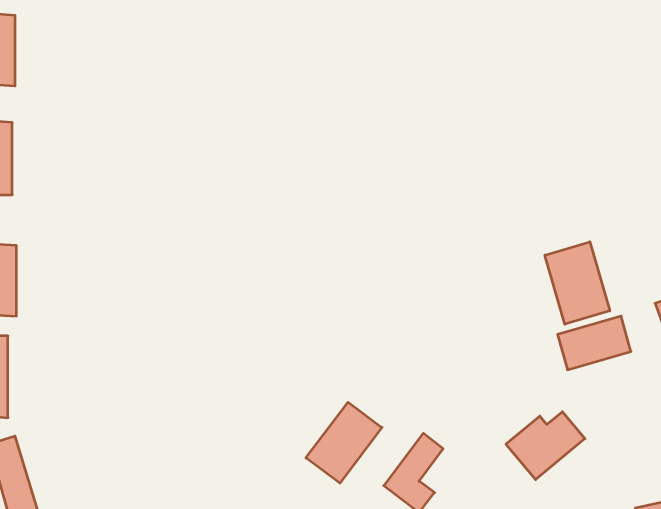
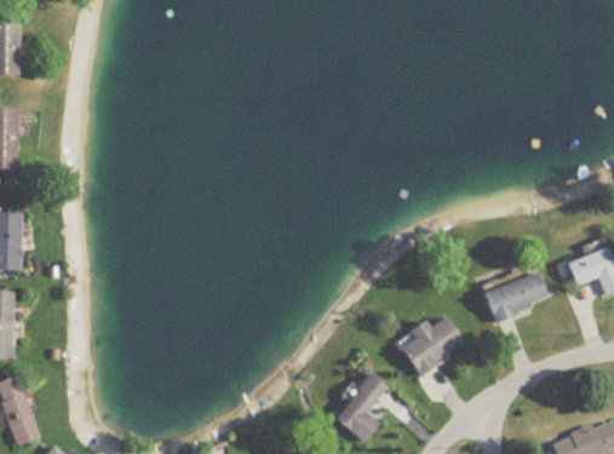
building: [545,242,610,324] -> none
building: [306,402,382,483] -> none
building: [506,412,585,480] -> [396,316,464,374]

